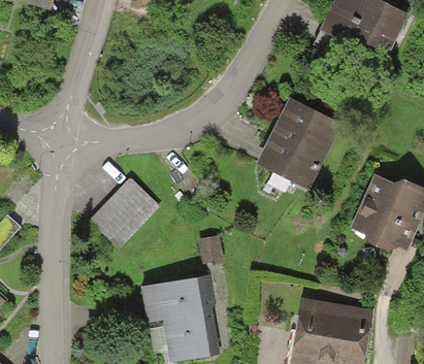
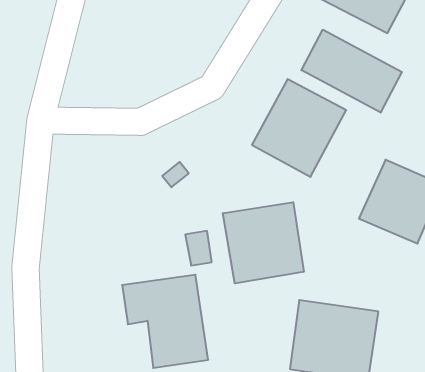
building: none -> [301,30,402,113]
building: [87,174,161,249] -> none
building: none -> [223,202,304,283]

